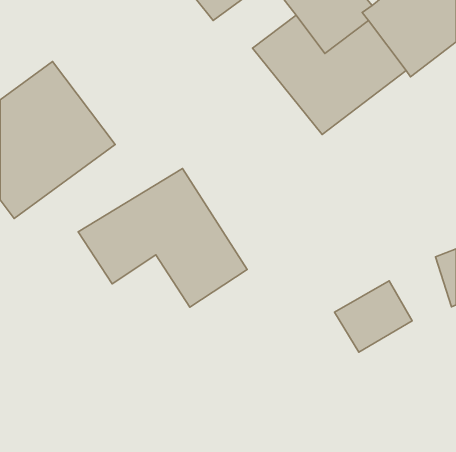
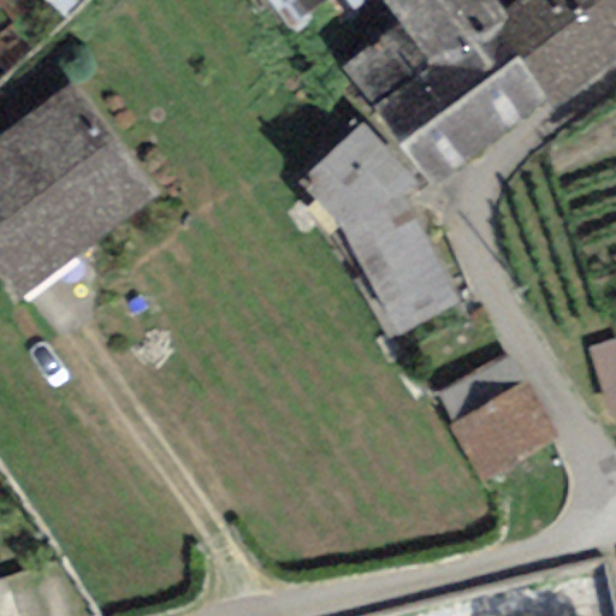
building: none -> [297,119,457,332]
building: [78,169,247,307] -> none

